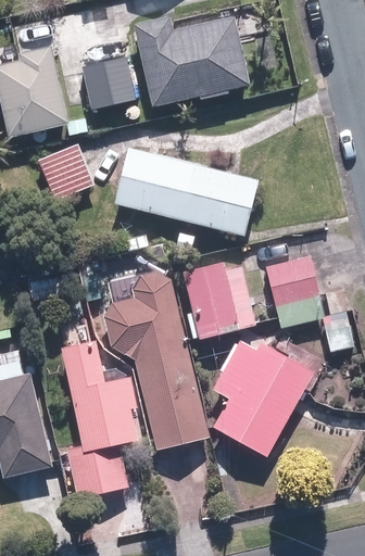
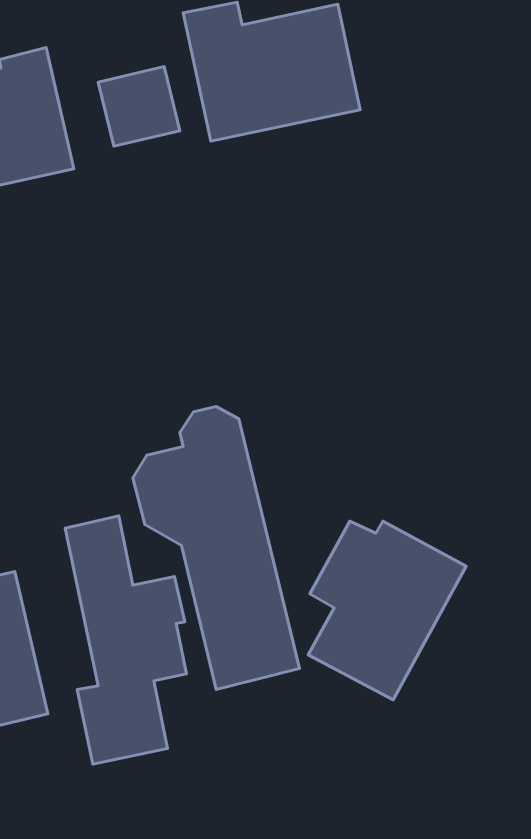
building: [39,147,91,199] -> none
building: [114,148,256,235] -> none
building: [265,256,323,327] -> none
building: [182,264,254,339] -> none

